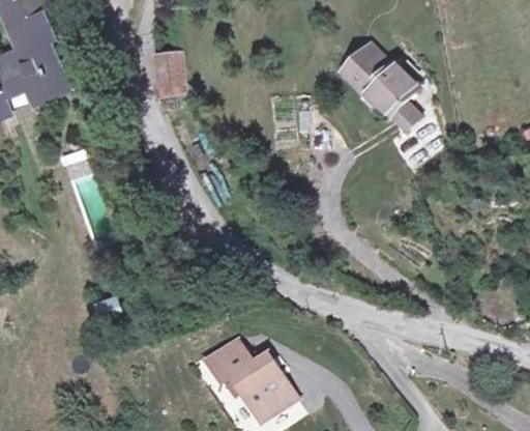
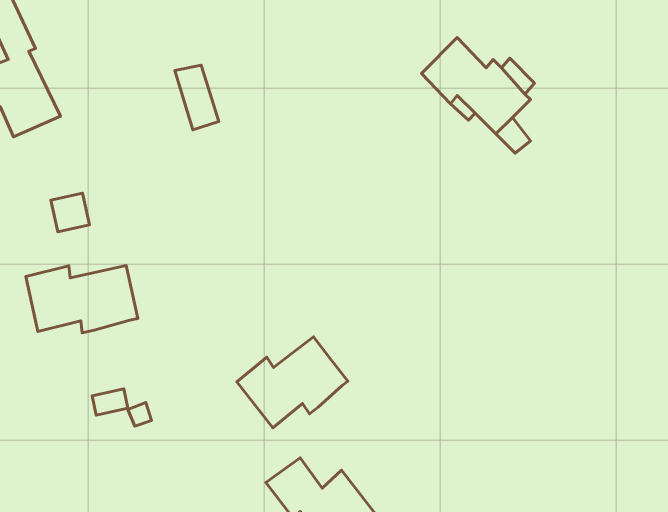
building: none -> [26,266,138,333]
building: none -> [237,337,348,428]

